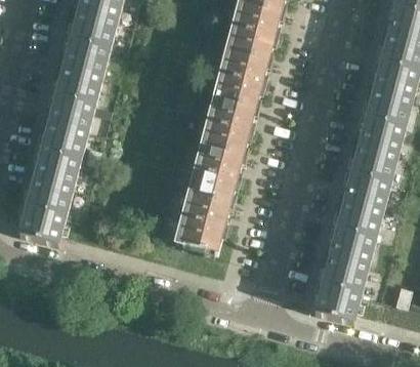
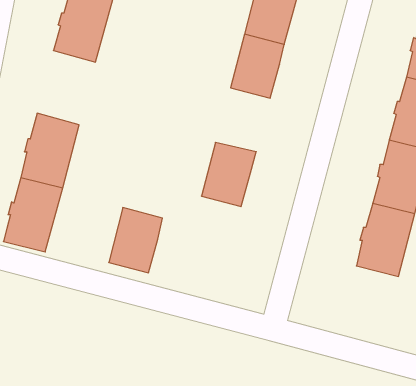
building: [49,65,100,130] -> none
building: [206,97,254,154] -> none
building: [181,193,228,250] -> [109,208,162,273]
building: [314,254,367,320] -> none

